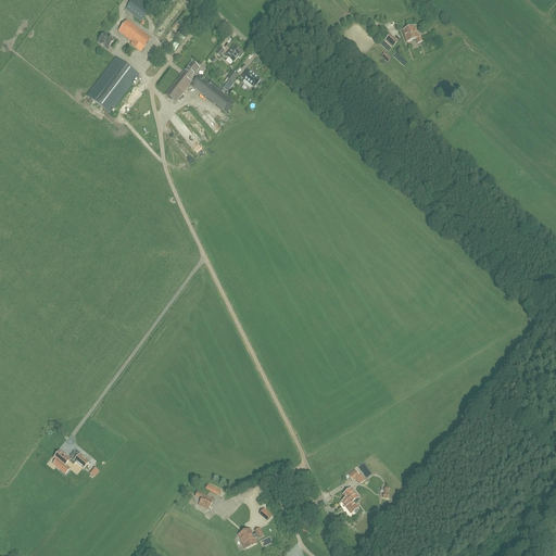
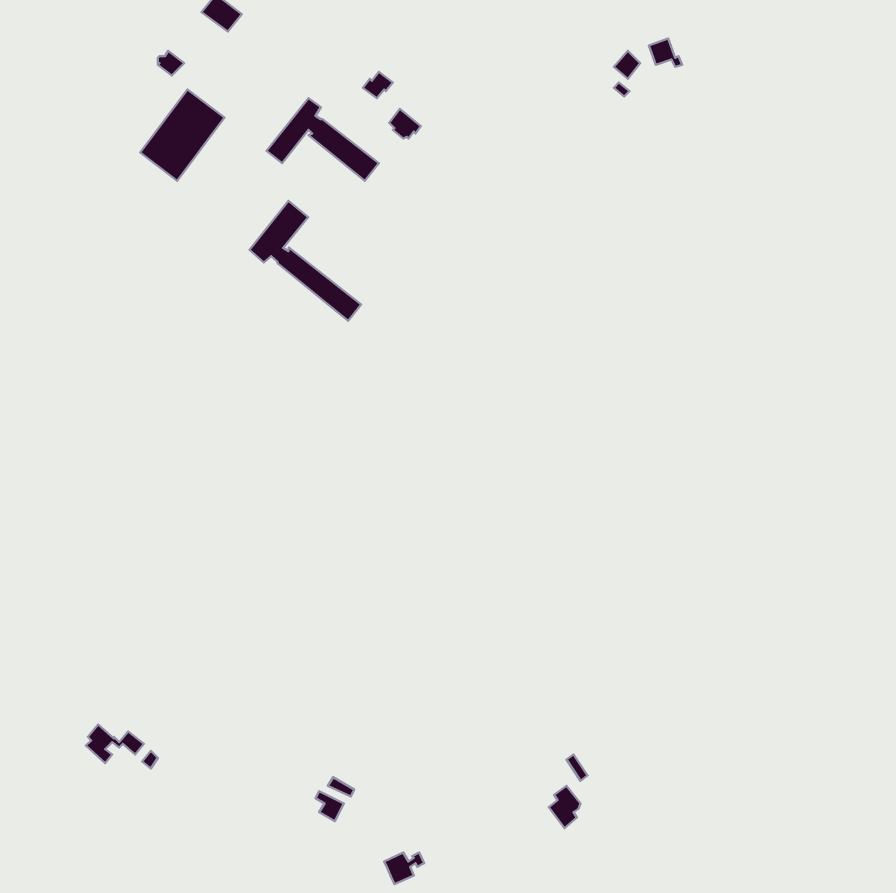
building: [118,18,151,50] -> none
building: none -> [249,201,361,321]

